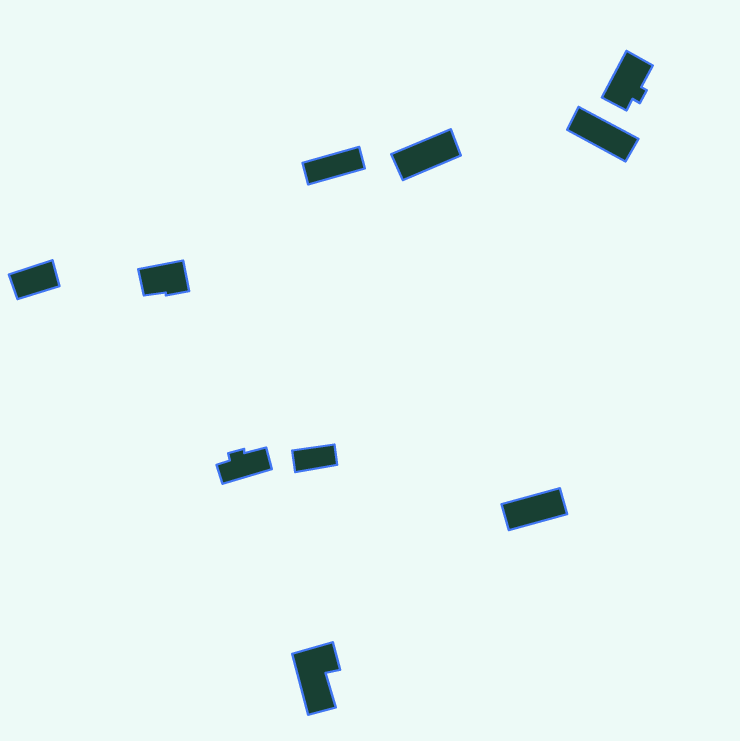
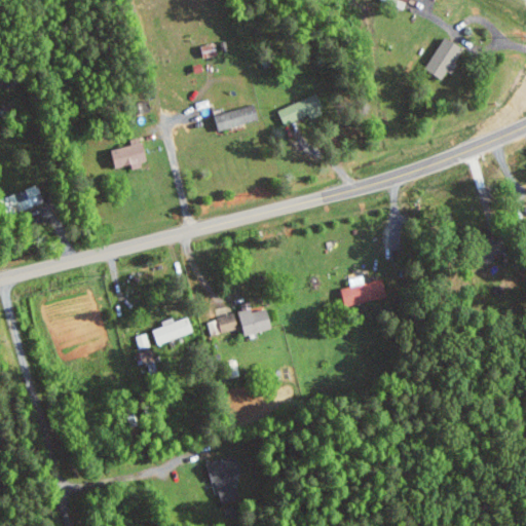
building: [567,107,639,161] -> none
building: [138,261,189,295] -> [111,143,147,167]
building: none -> [237,306,272,336]
building: [502,488,567,530] -> [339,278,385,308]

